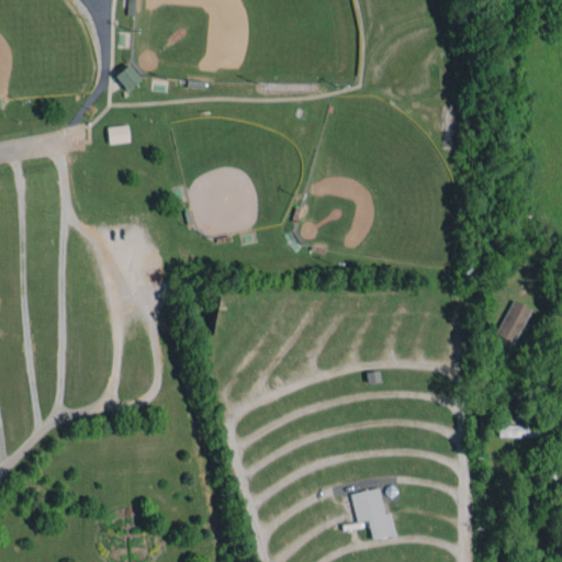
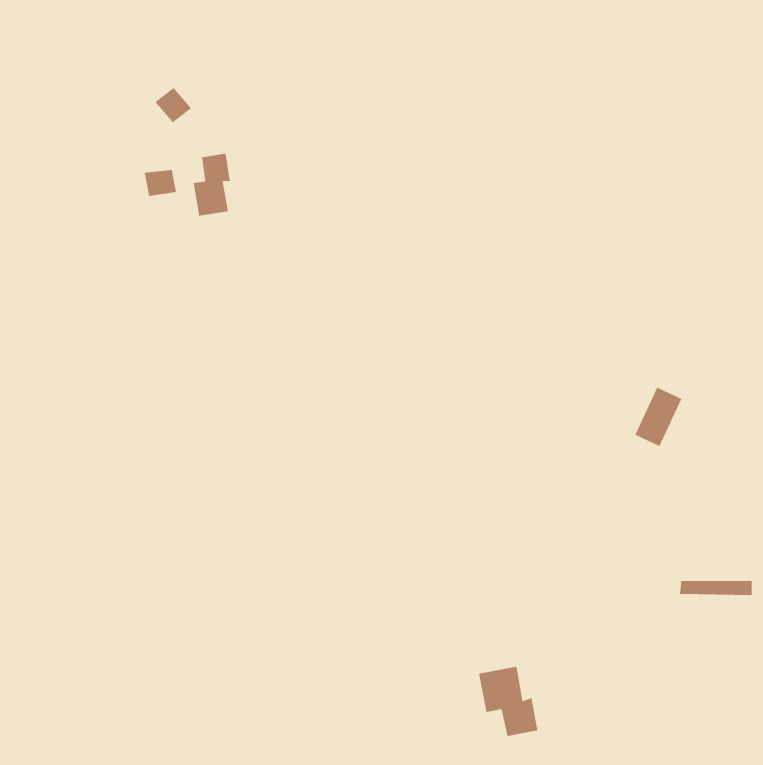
building: none -> [193,153,231,217]
building: [496,300,531,344] -> [634,387,682,447]

